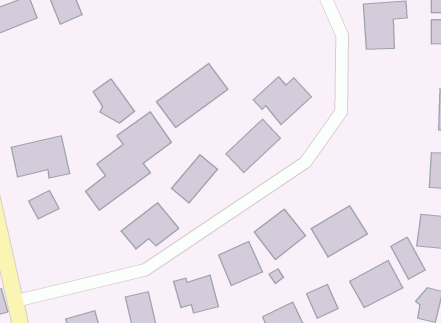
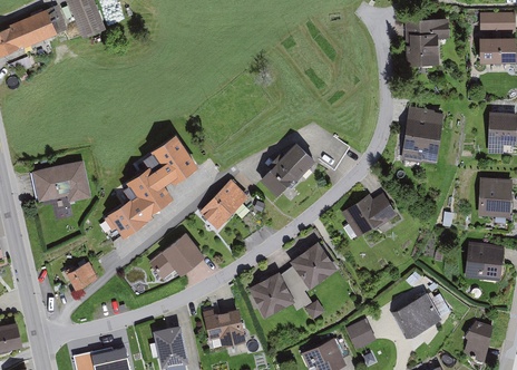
building: [157,63,228,128] -> none
building: [253,77,312,125] -> none
building: [93,79,135,123] -> none
building: none -> [403,107,447,163]
building: [29,191,59,219] -> [66,261,98,291]
building: [311,206,368,257] -> [342,184,402,238]
building: [391,237,425,279] -> none

